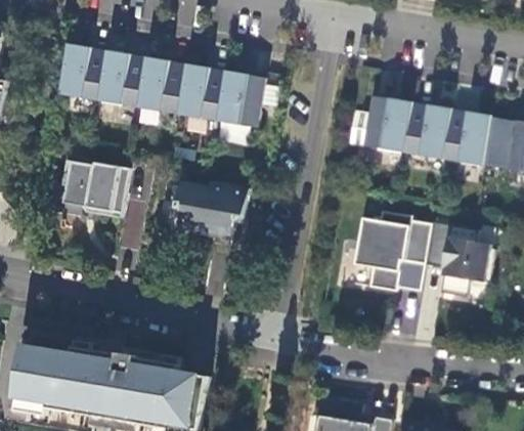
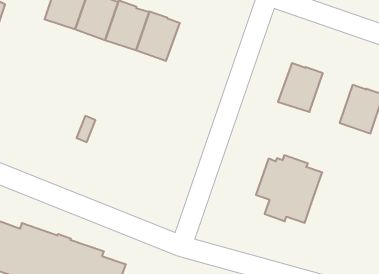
building: [216,68,265,126] -> none
building: [402,103,449,160] -> none
building: [59,160,128,218] -> none
building: [174,182,247,241] -> none
building: [423,222,488,297] -> none

